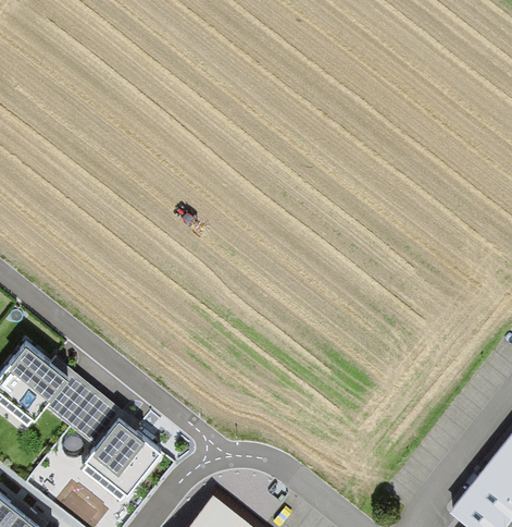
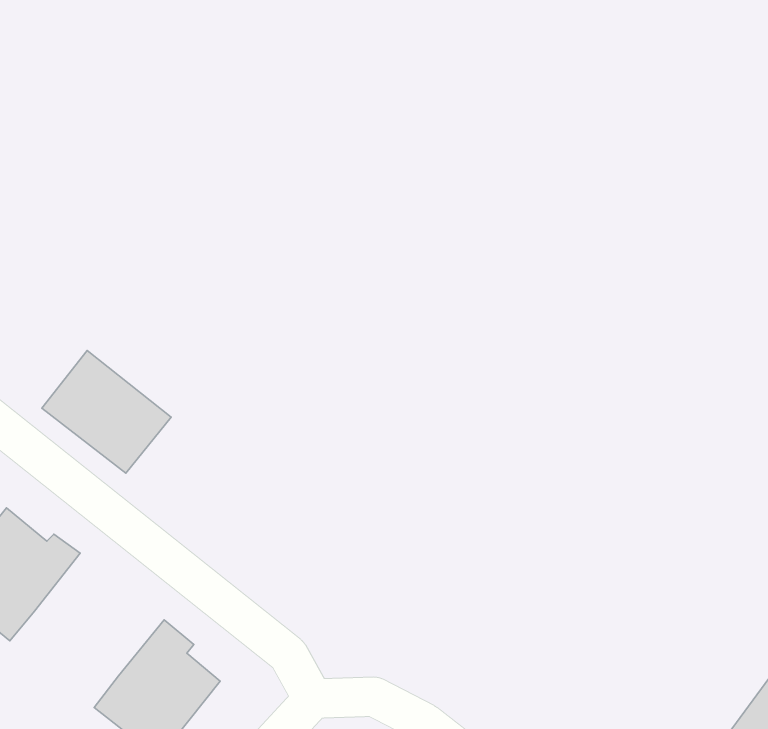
building: [43,370,124,446] -> [42,350,171,473]

